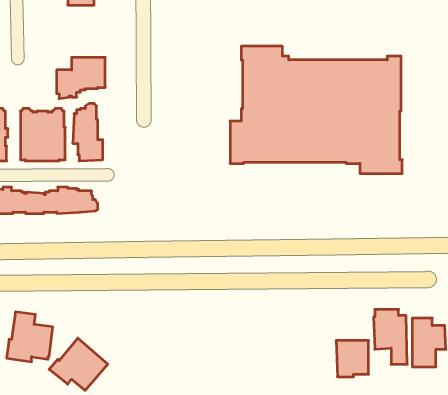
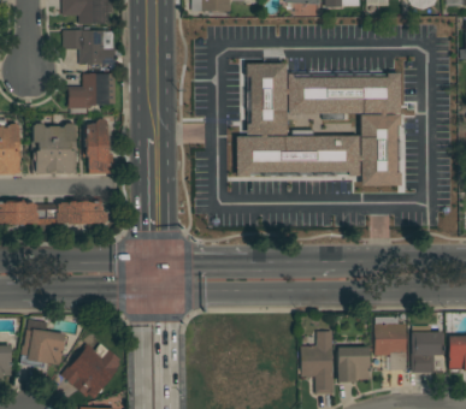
building: none -> [64,30,122,65]
building: none -> [301,332,334,393]

